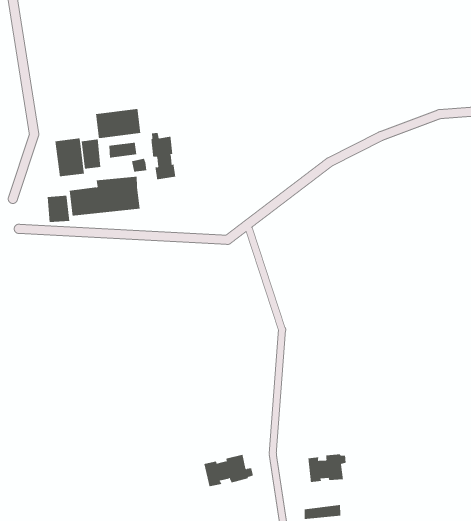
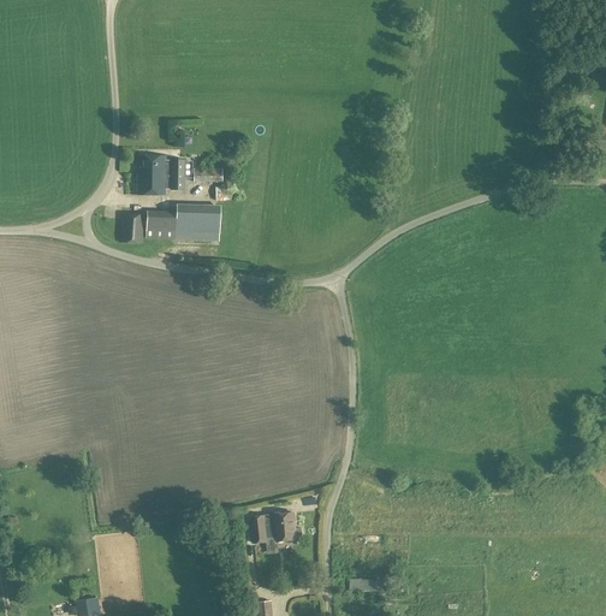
building: [95,108,141,139] -> none
building: [151,132,176,180] -> none
building: [308,454,346,483] -> none

